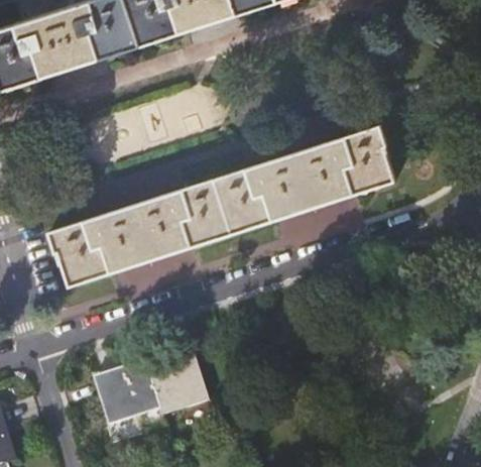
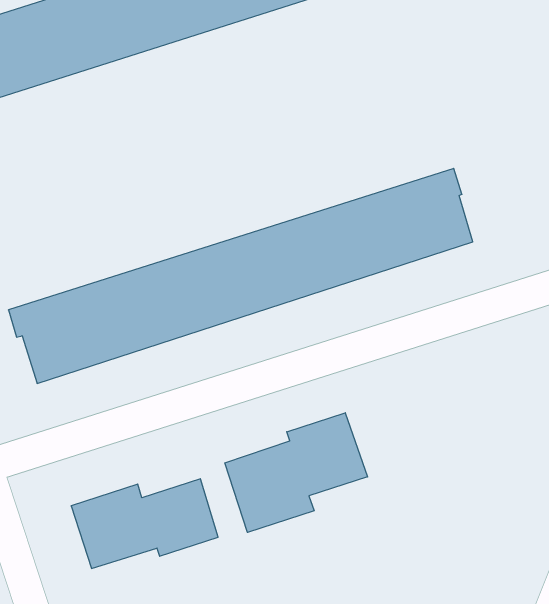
building: none -> [225,413,368,532]

